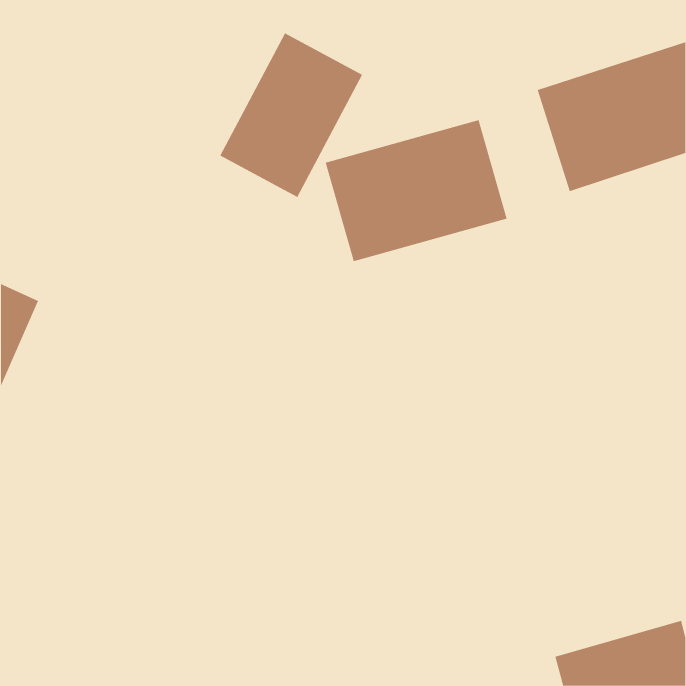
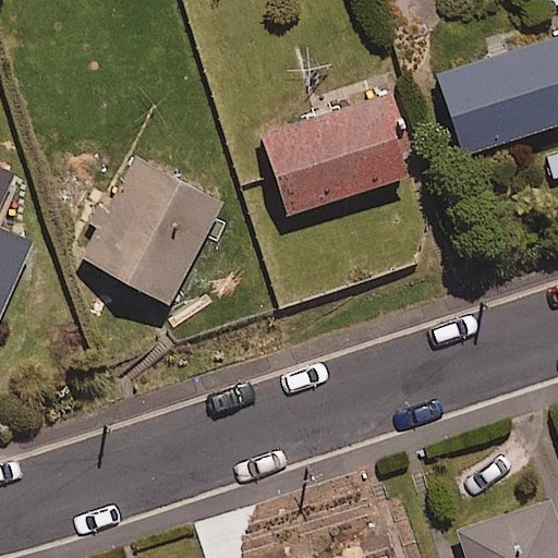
building: [219,32,363,198] -> none
building: none -> [82,156,223,304]

